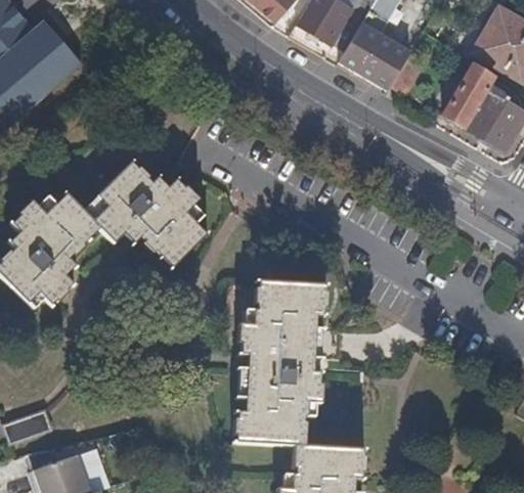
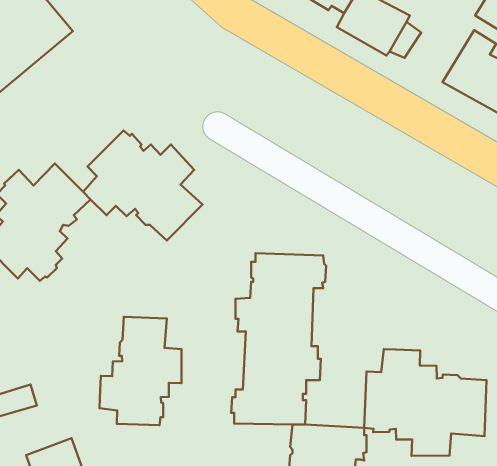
building: none -> [100,317,181,425]
building: none -> [364,349,487,456]

